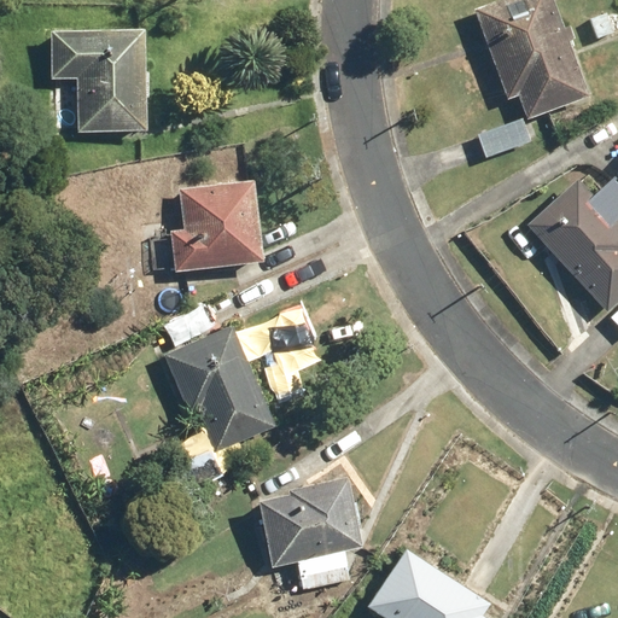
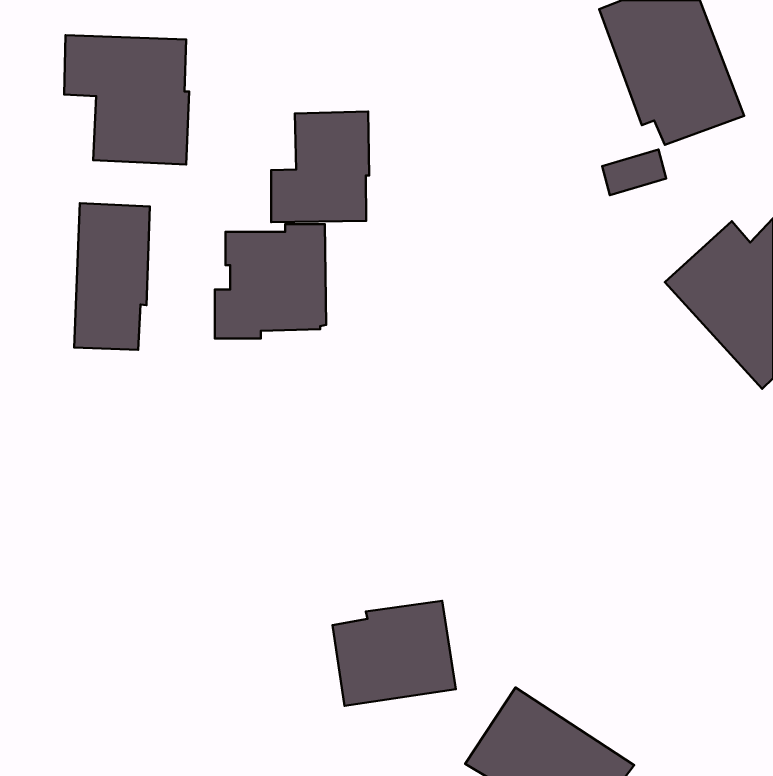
building: none -> [271,112,369,222]
building: none -> [74,203,150,350]
building: [164,328,269,442] -> none

